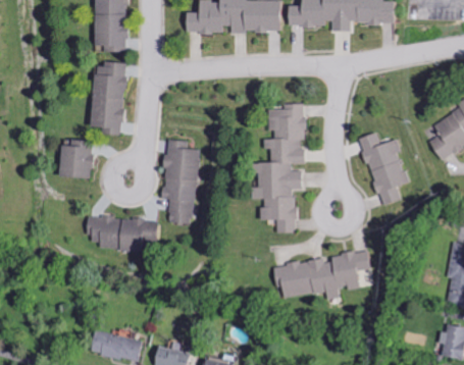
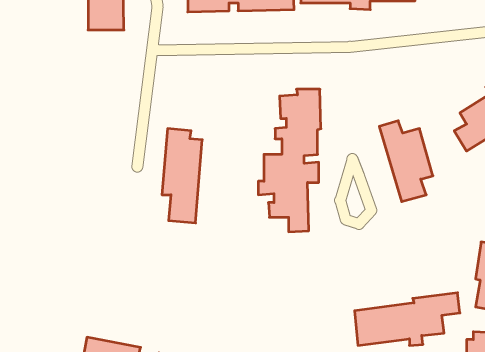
building: [90,62,126,136] -> none
building: [58,140,93,179] -> none
building: [86,213,158,249] -> none
building: [277,250,373,298] -> [355,293,460,345]

